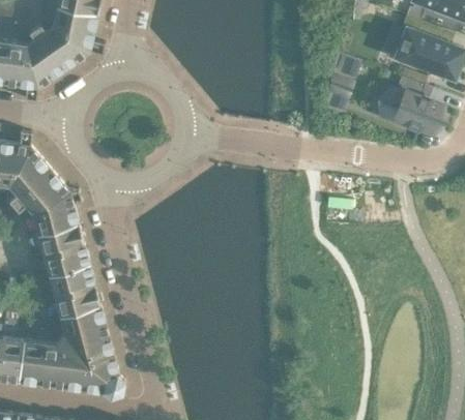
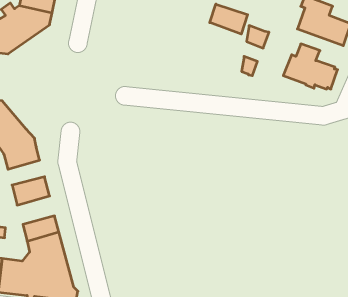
building: none -> [210,4,248,34]
building: [37,219,83,250] -> none
building: [49,264,95,299] -> none

